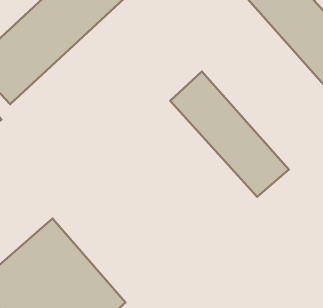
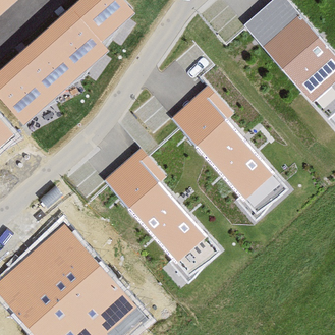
building: none -> [105,155,215,272]

